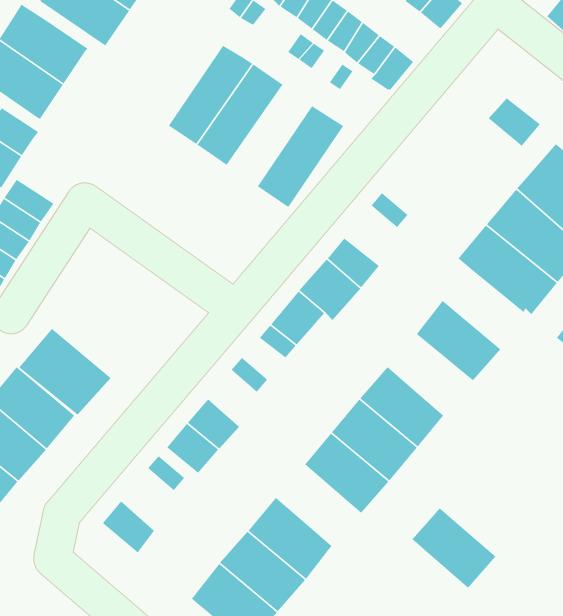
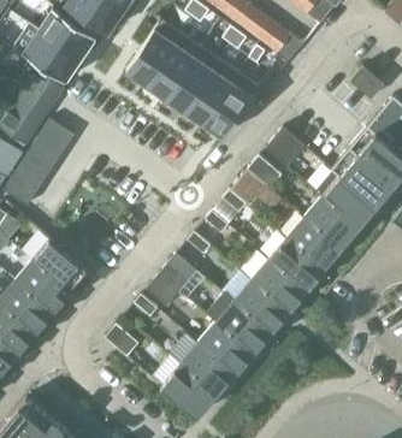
building: none -> [126,19,182,85]
building: none -> [184,59,238,124]
building: none -> [321,177,378,227]
building: [18,328,111,416] -> none
building: none -> [286,218,341,270]
building: [411,507,497,589] -> [215,301,270,353]

